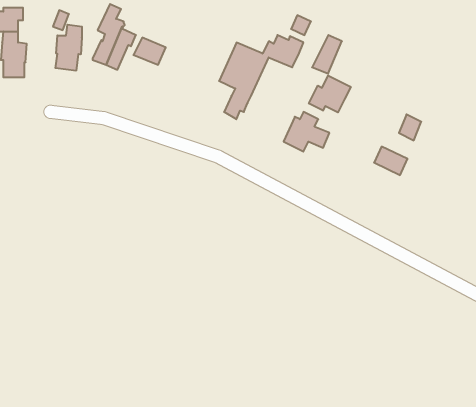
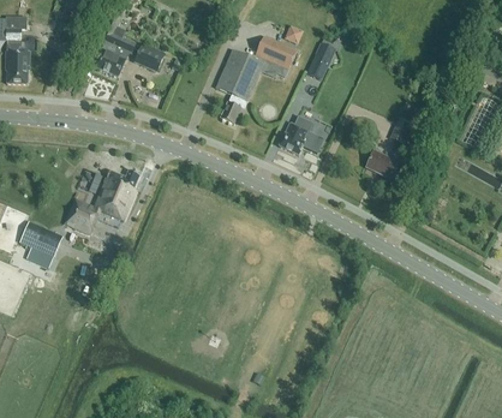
building: [55,25,82,71] -> none
building: [309,75,351,112] -> none
building: none -> [65,171,139,234]
building: none -> [20,225,61,268]

